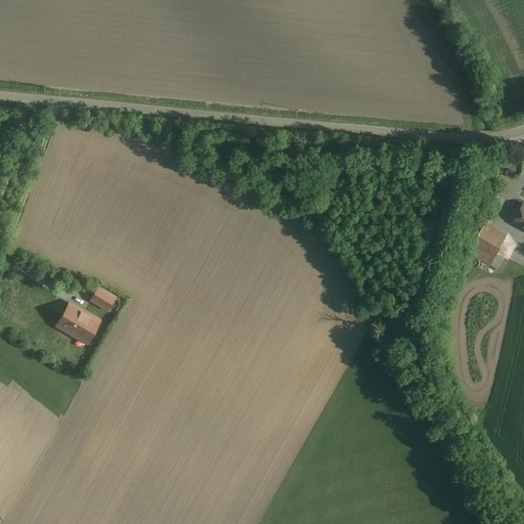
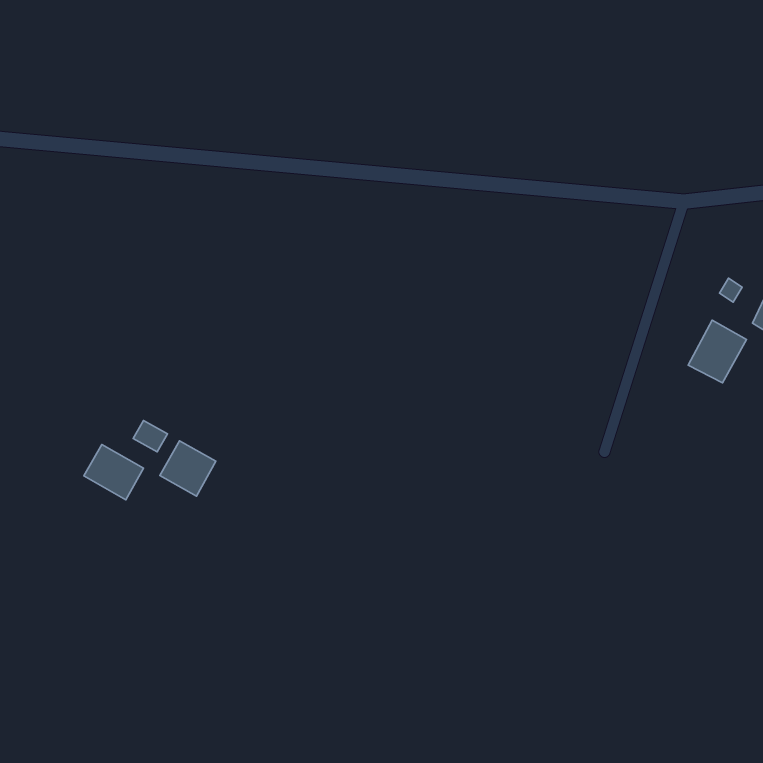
building: none -> [160,441,216,496]

